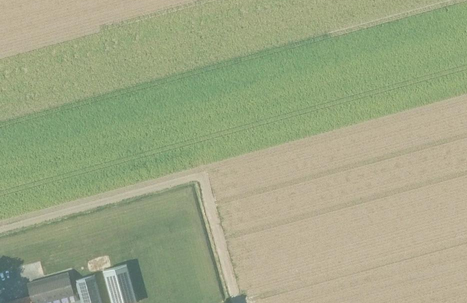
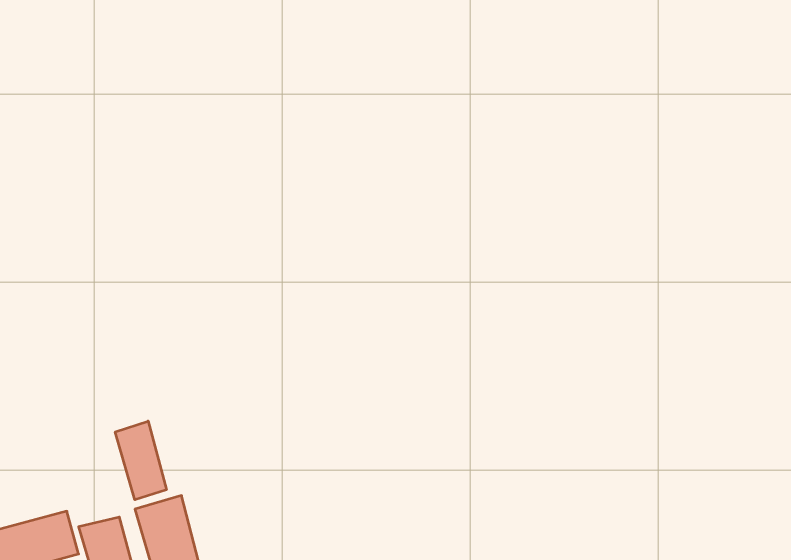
building: none -> [115,421,166,500]

